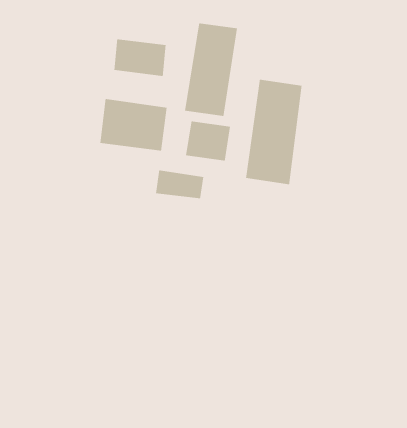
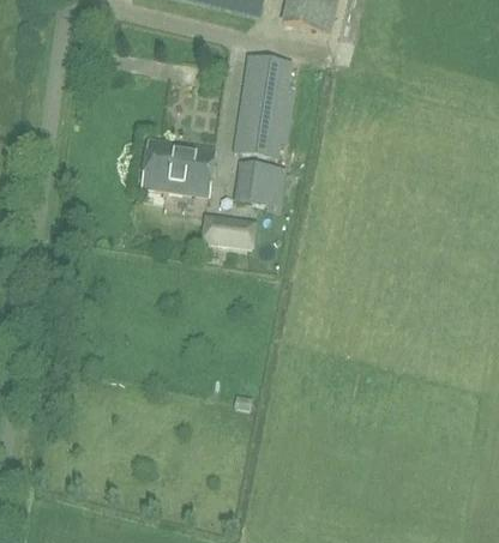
building: [114,38,166,77] -> none
building: [246,79,302,185] -> none

